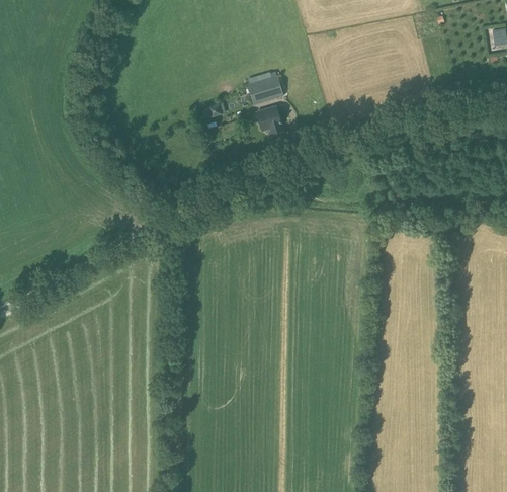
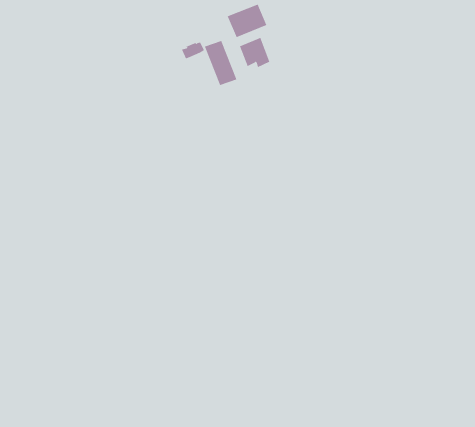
building: none -> [204,40,237,86]

